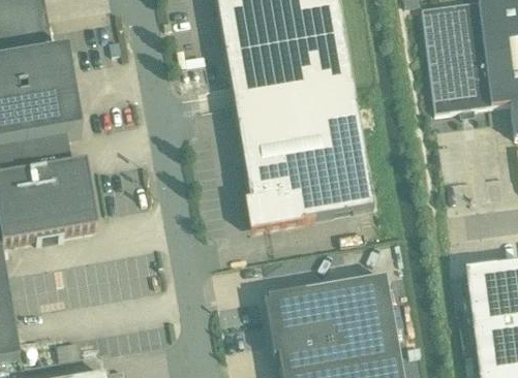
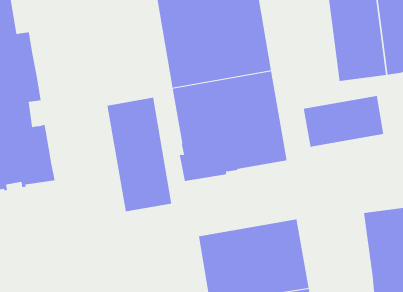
building: none -> [303,95,384,147]
building: none -> [107,97,172,212]

